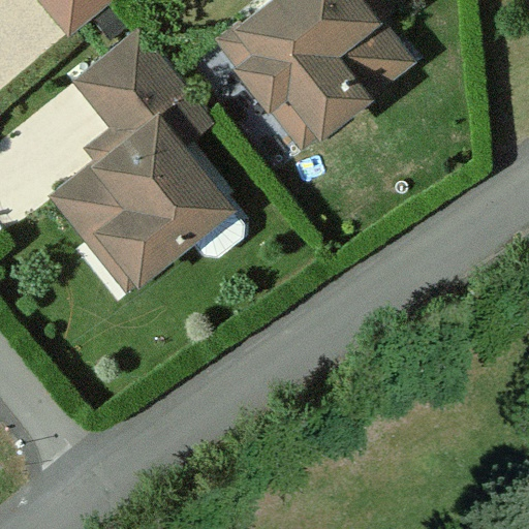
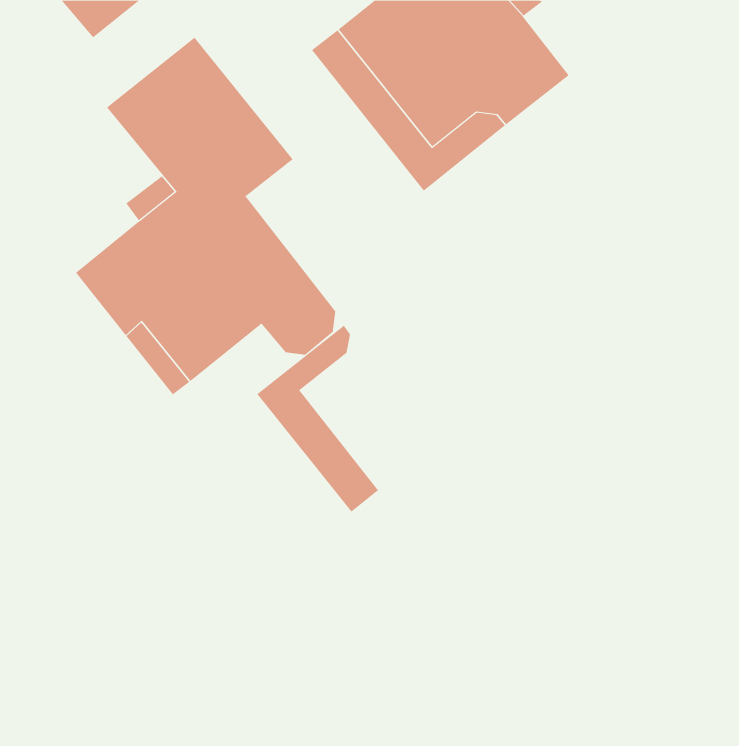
building: none -> [256,325,379,513]

